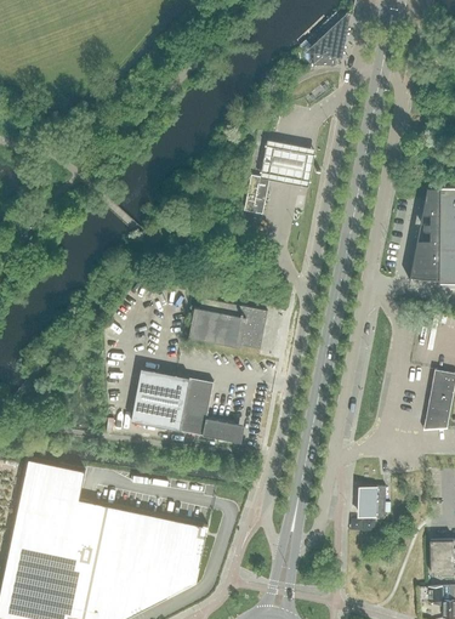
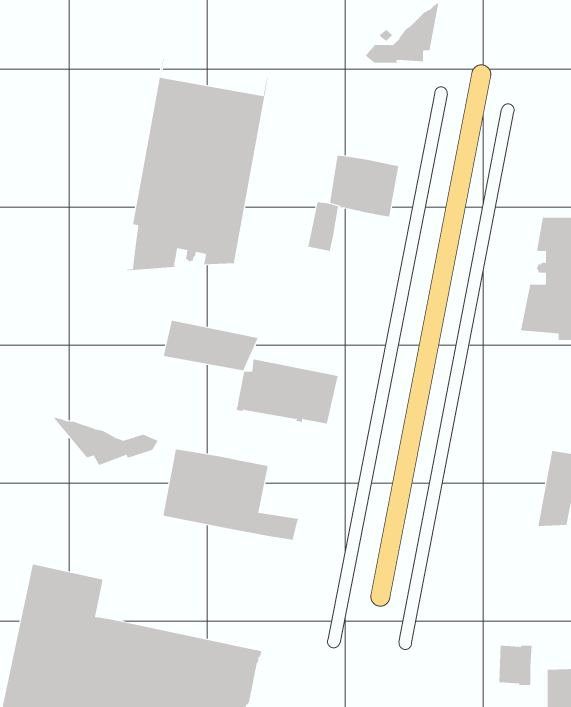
building: none -> [126,59,268,271]
building: none -> [163,320,258,371]
building: none -> [52,416,158,466]
building: [359,487,386,518] -> [498,645,533,686]

